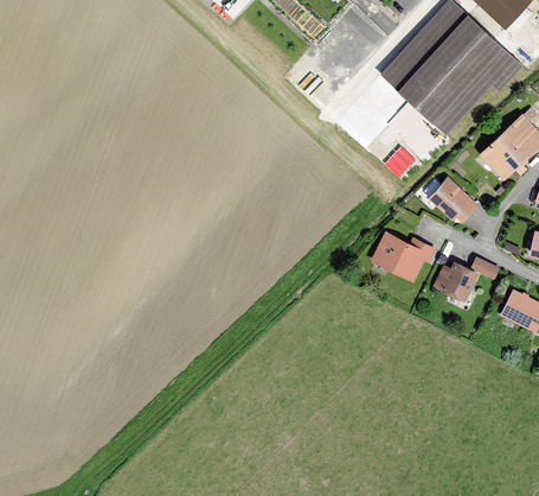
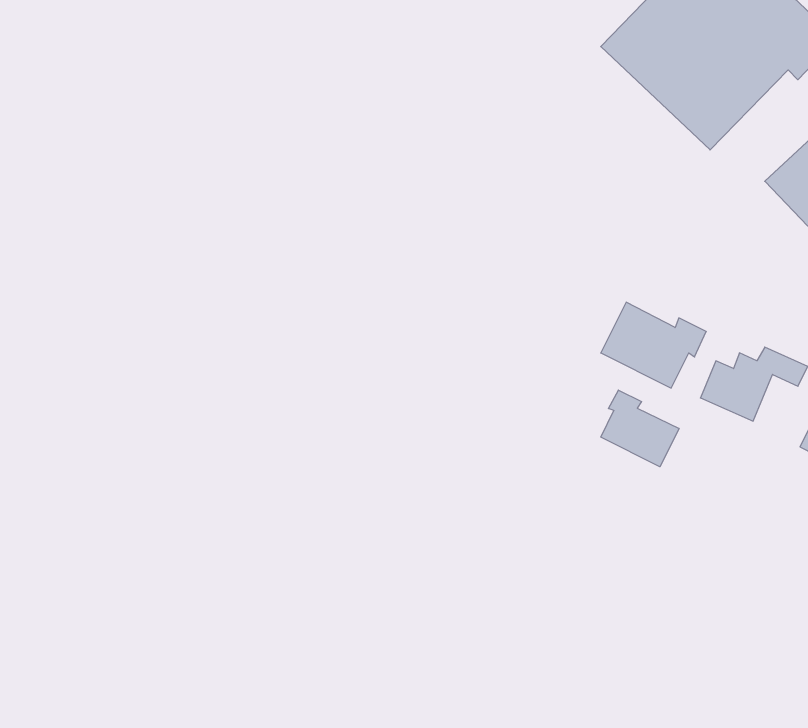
building: [428,177,479,223] -> none
building: none -> [601,390,679,467]

